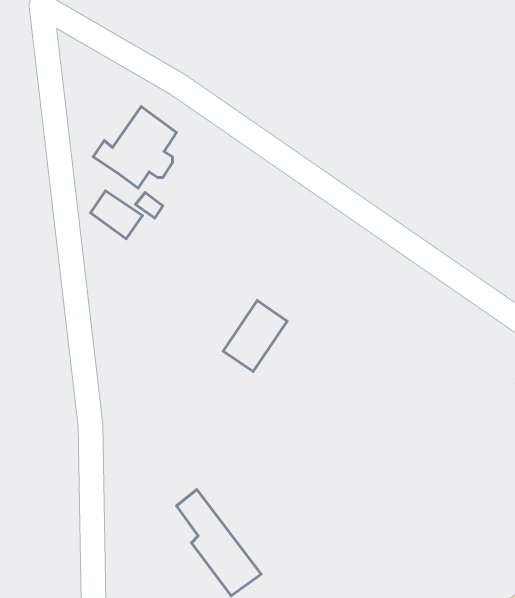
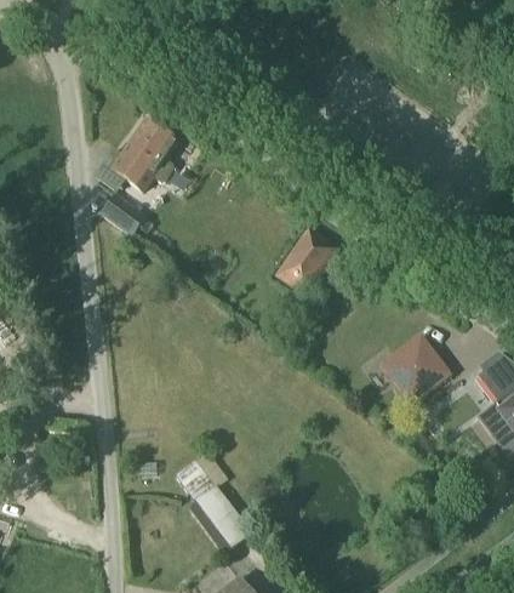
building: [223,301,287,372] -> [278,232,335,295]
building: none -> [382,337,442,394]

